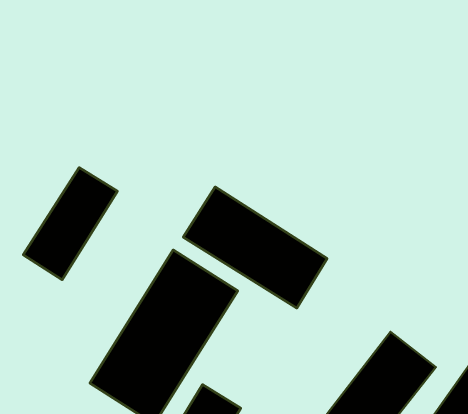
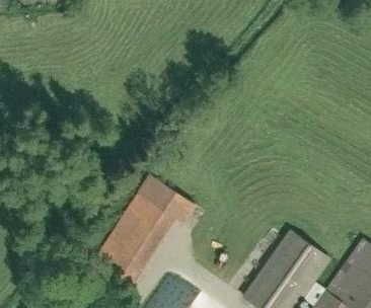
building: [23,168,118,280] -> none
building: [183,187,327,308] -> none

